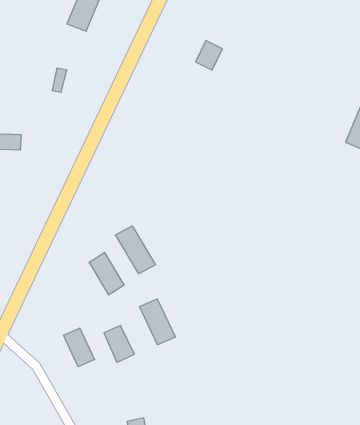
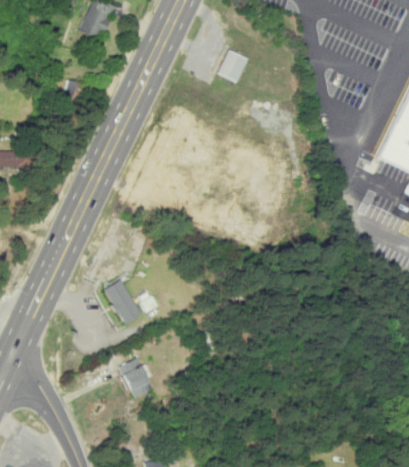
building: [116,226,155,274] -> none
building: [139,299,175,345] -> none
building: [63,328,95,367] -> none

